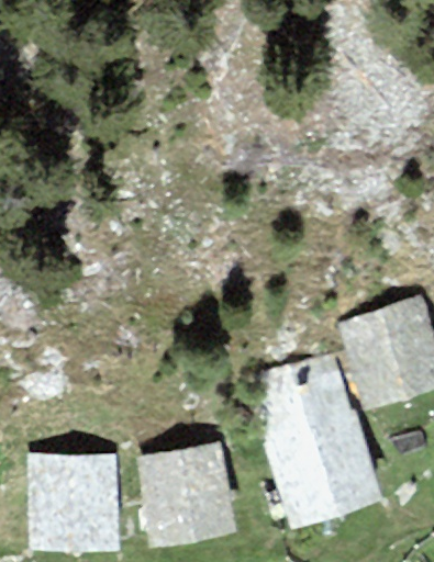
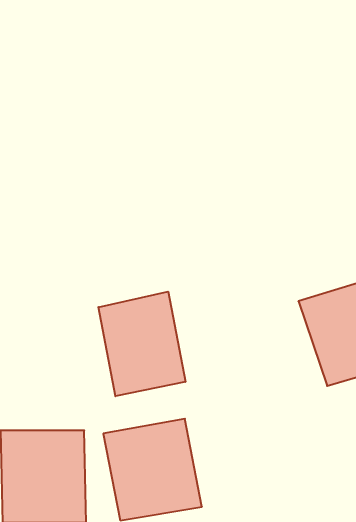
building: none -> [98,292,185,396]
building: [255,373,381,527] -> none

